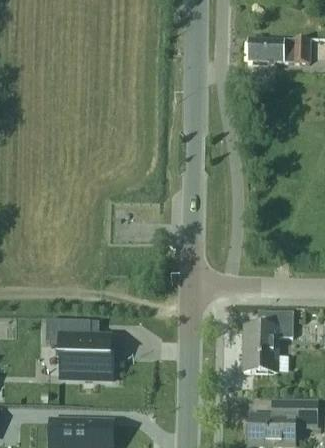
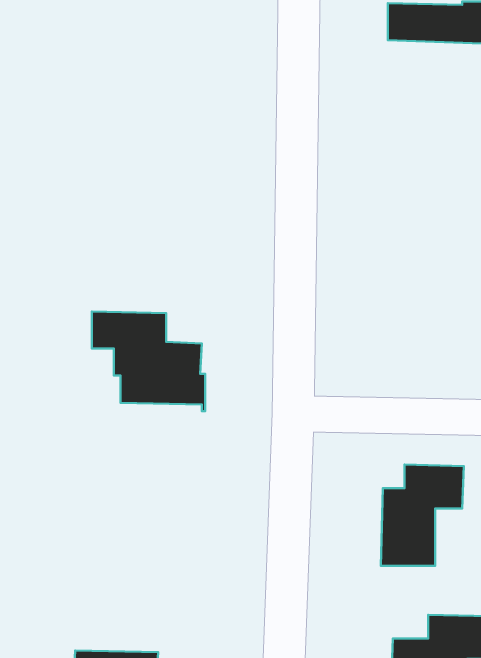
building: [46,317,113,376] -> [92,311,205,411]

